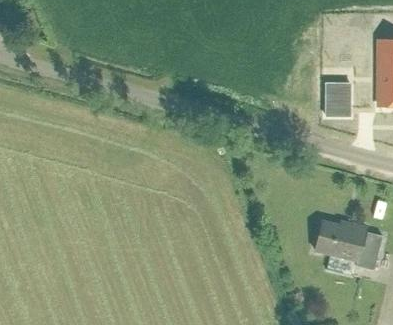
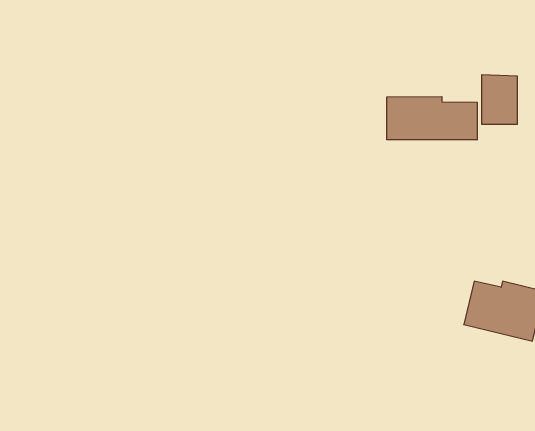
building: none -> [387,97,477,140]

